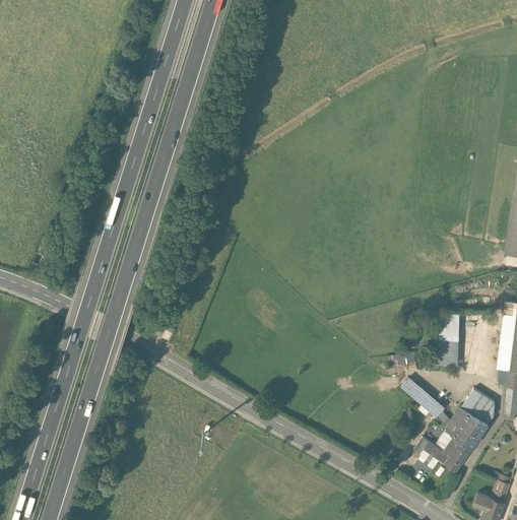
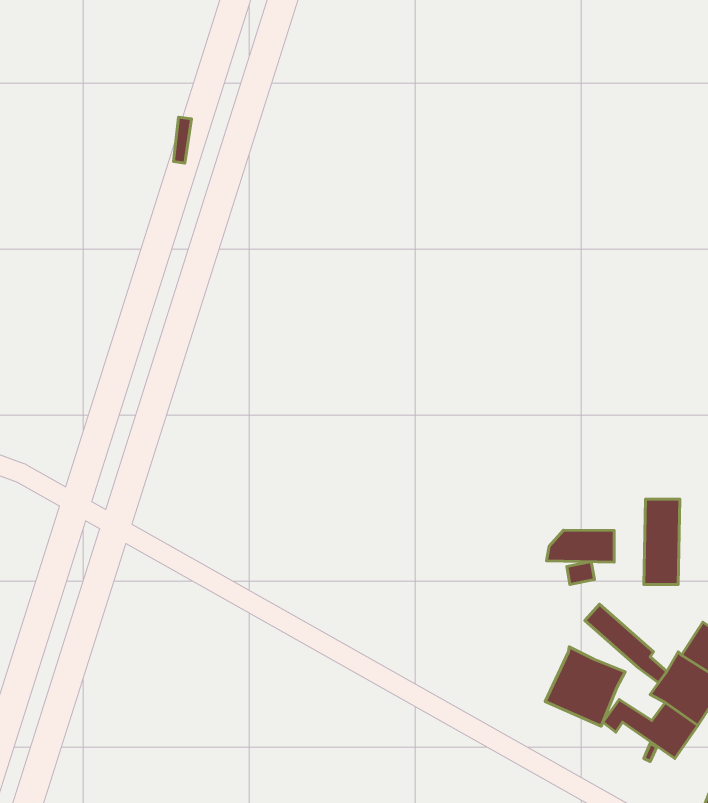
building: none -> [547,530,614,562]
building: none -> [545,647,625,726]

